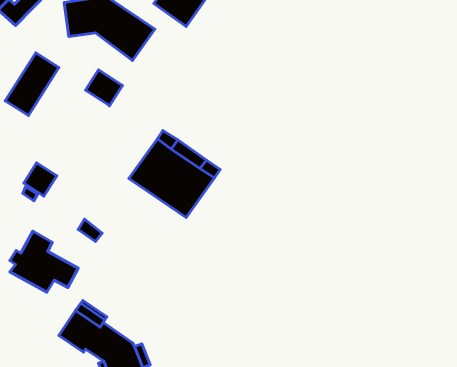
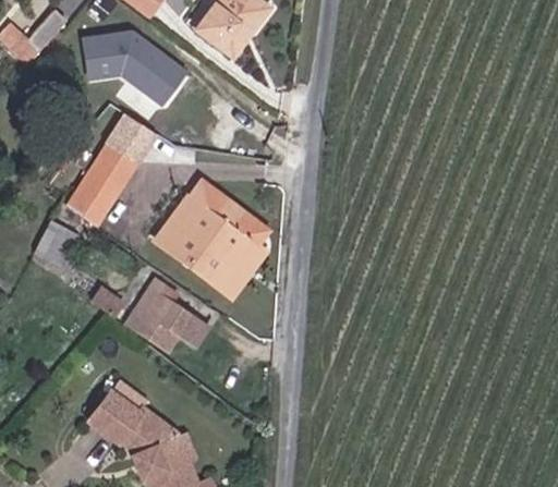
building: [5,53,59,115] -> [73,139,136,214]
building: [10,231,78,292] -> [132,281,213,353]

